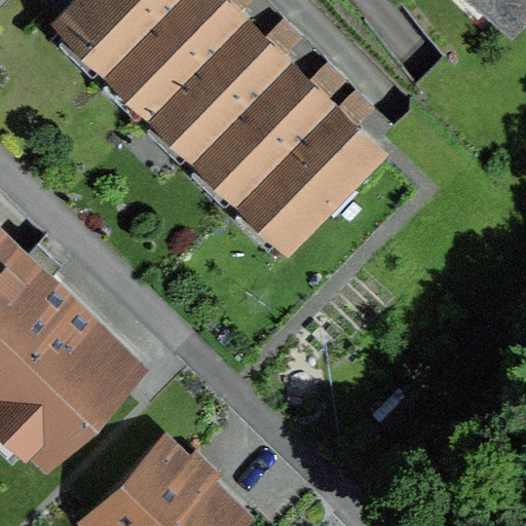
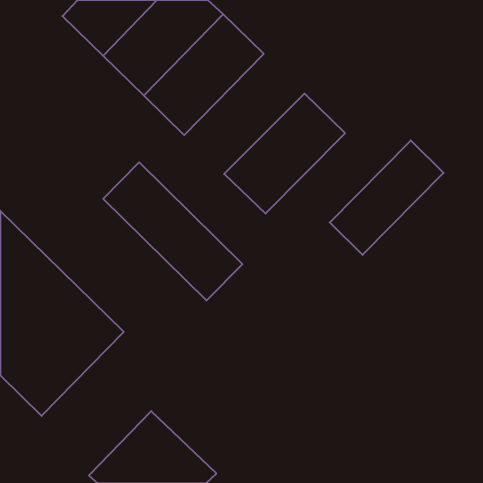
building: [200,59,331,189] -> none
building: none -> [330,140,444,255]
building: none -> [103,162,242,301]

